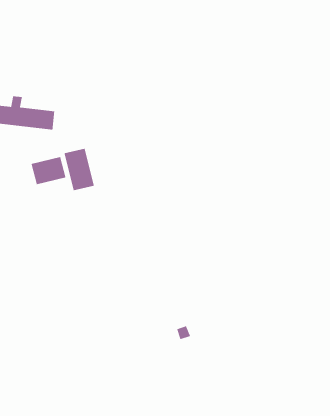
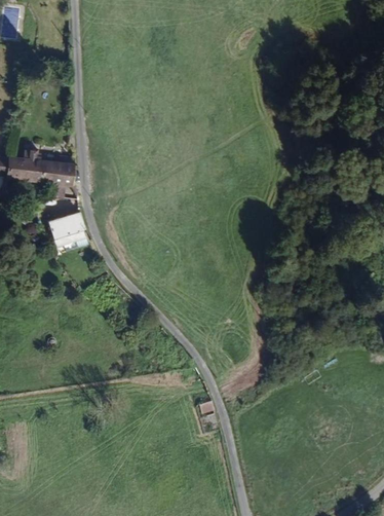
building: [64,148,95,191] -> none

